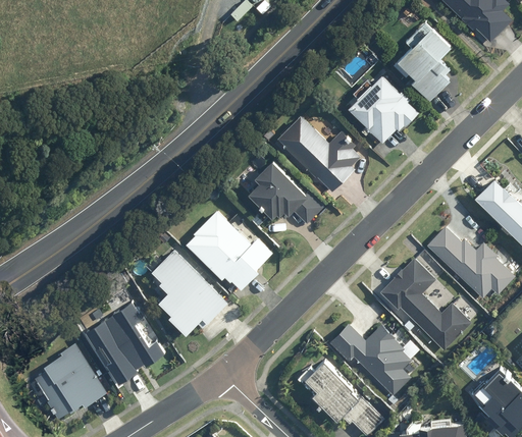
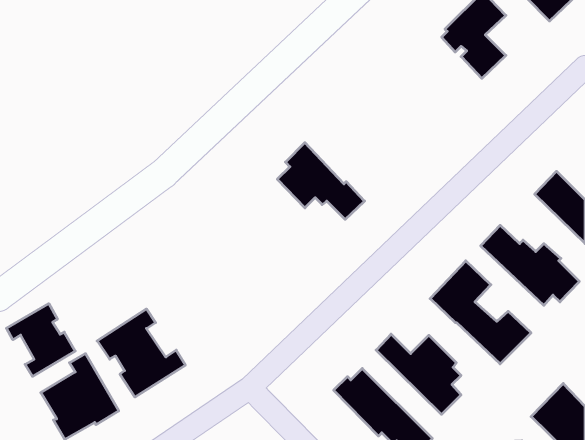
building: [348,71,417,143] -> none
building: [277,113,359,190] -> none
building: [185,210,271,288] -> none
building: [152,254,227,337] -> none
building: none -> [6,304,75,376]

